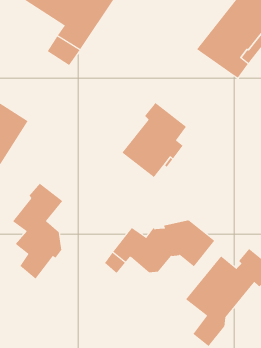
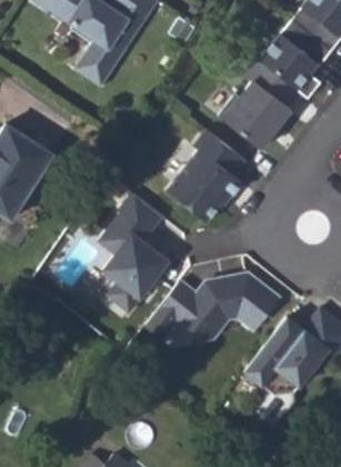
building: none -> [218,62,297,152]
building: [12,183,63,280] -> [99,193,161,311]

